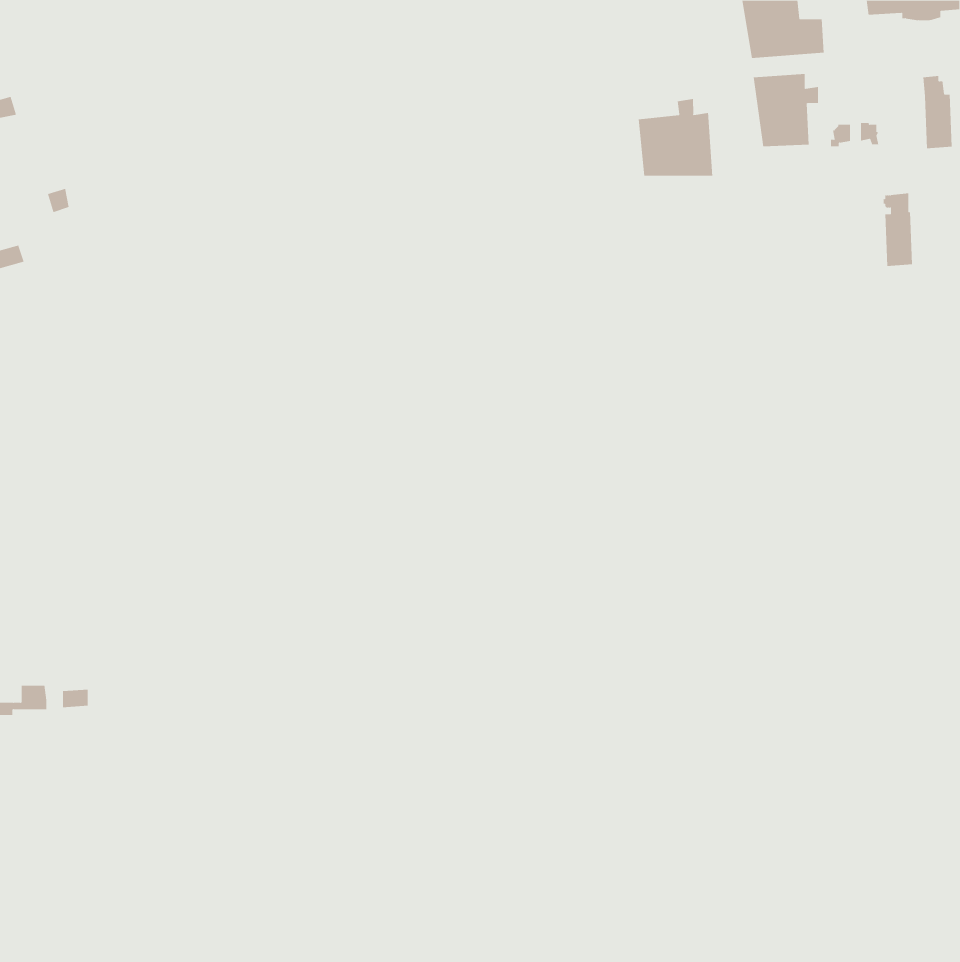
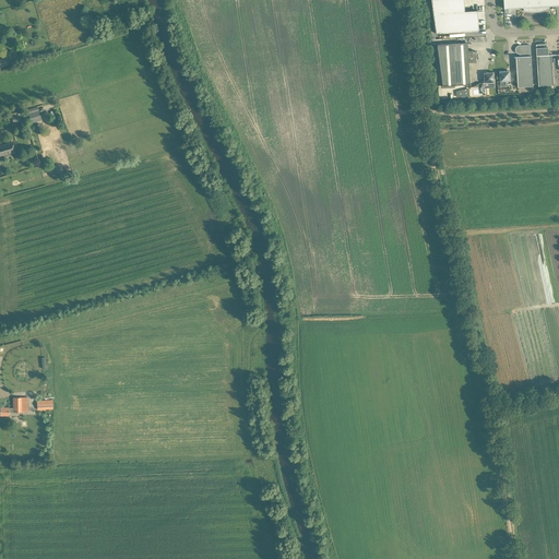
building: [638,98,713,177] -> none
building: [883,193,913,266] -> [514,45,532,87]

